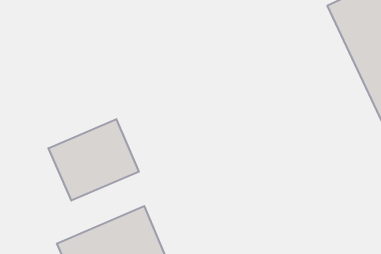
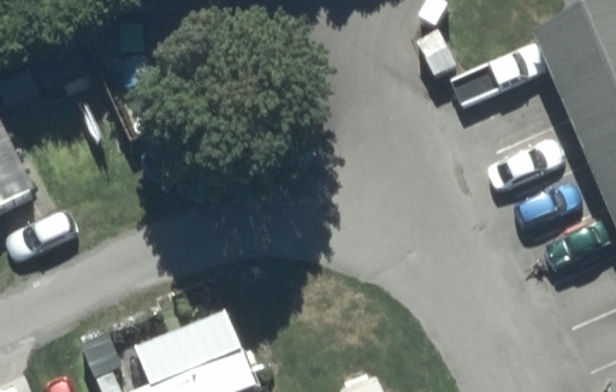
building: [48,119,139,201] -> none

